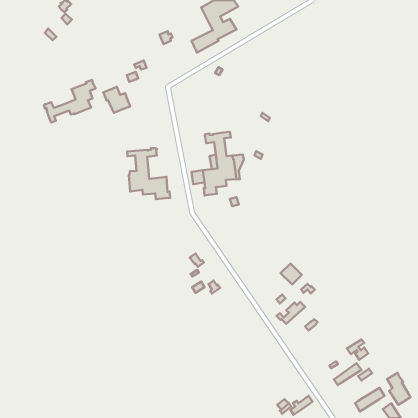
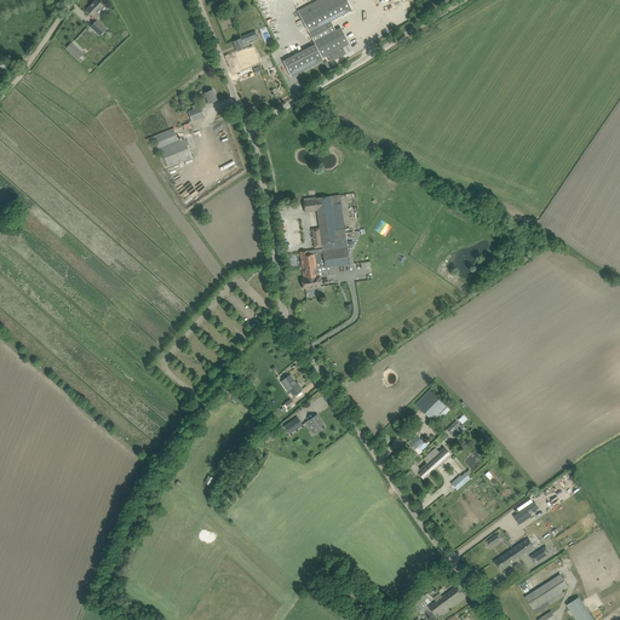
building: [44,80,95,123] -> none
building: [127,148,170,199] -> none
building: [387,373,410,405] -> none

